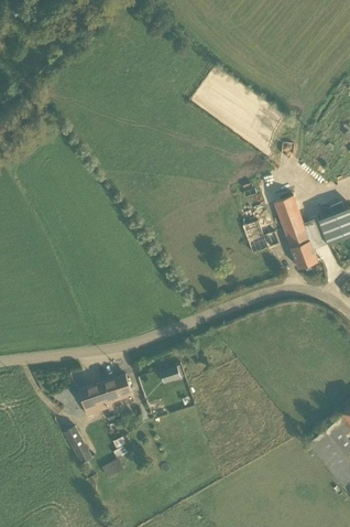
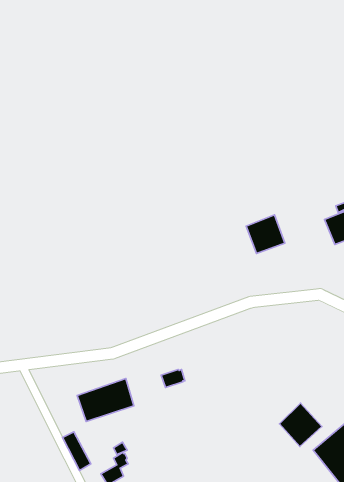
building: [273,195,318,268] -> none
building: none -> [280,403,322,446]

